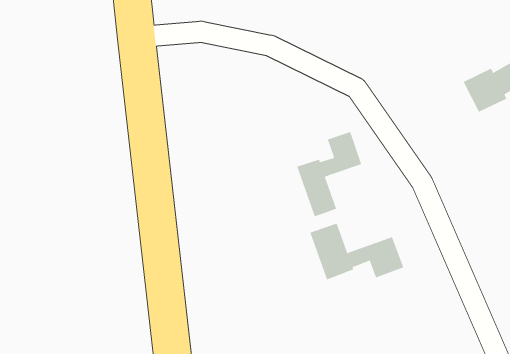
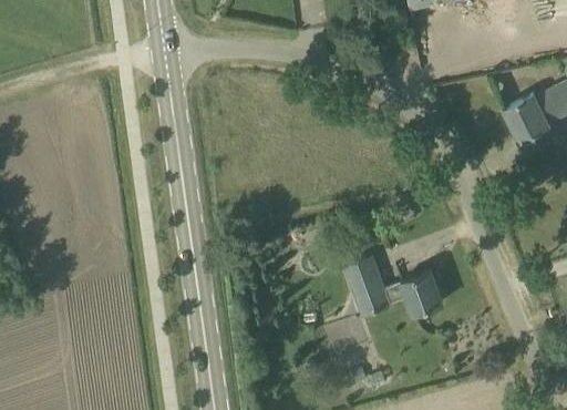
building: [296,131,362,217] -> none

